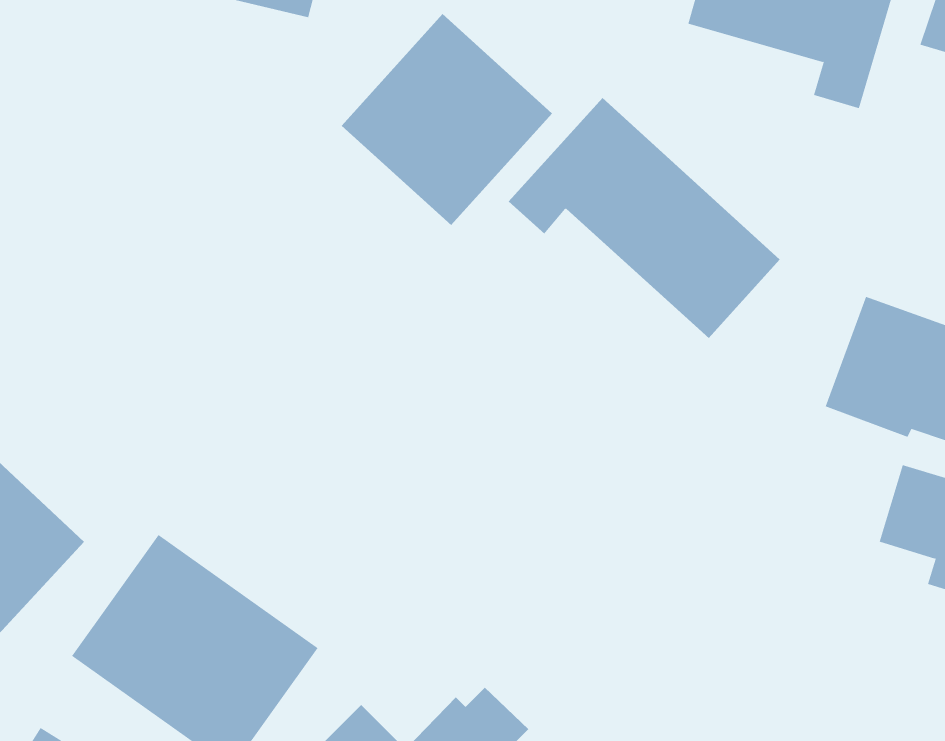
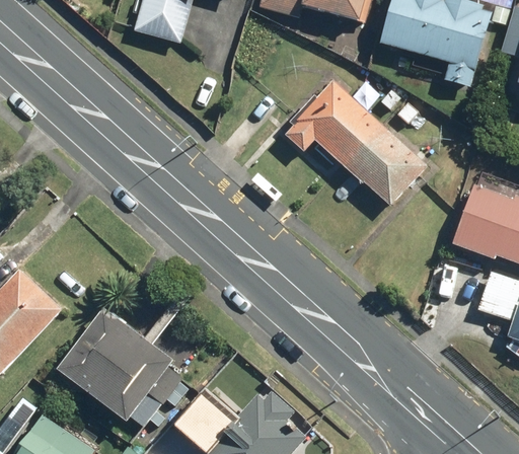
building: [341,13,553,226] -> none

